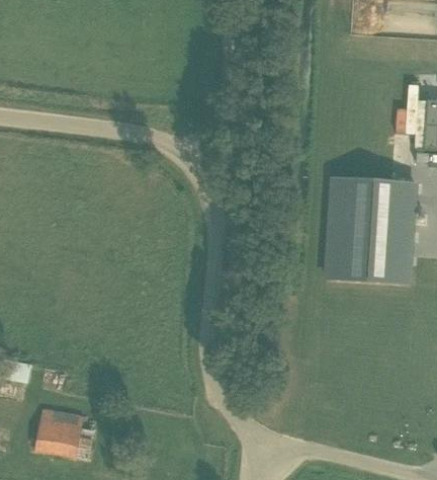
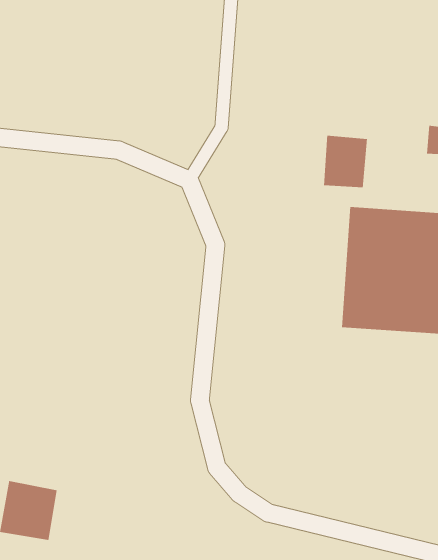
building: none -> [323,135,367,188]

